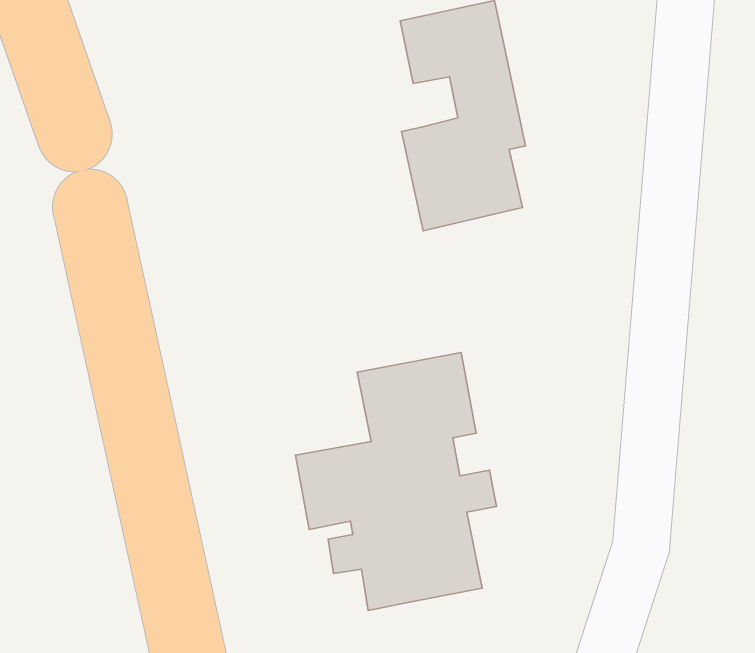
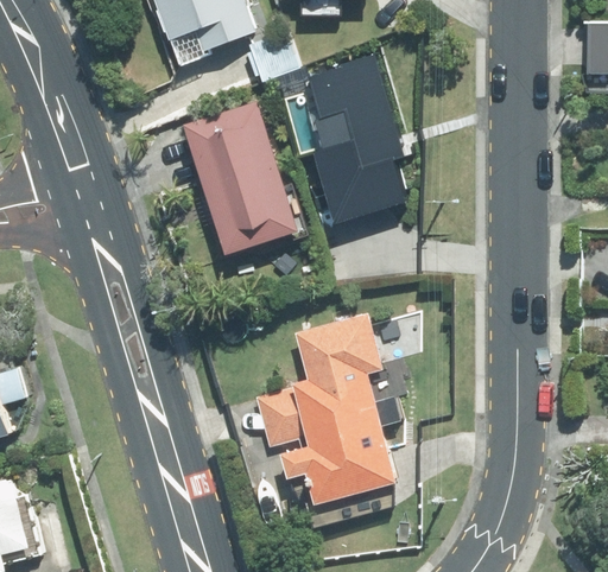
building: none -> [180,97,300,258]

